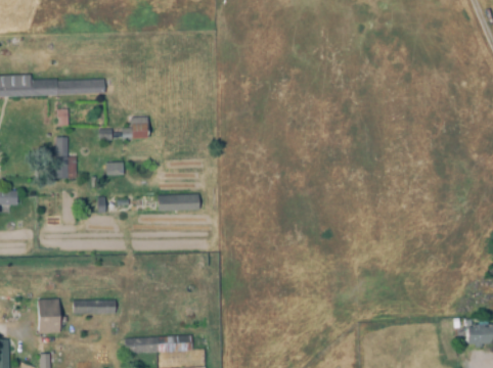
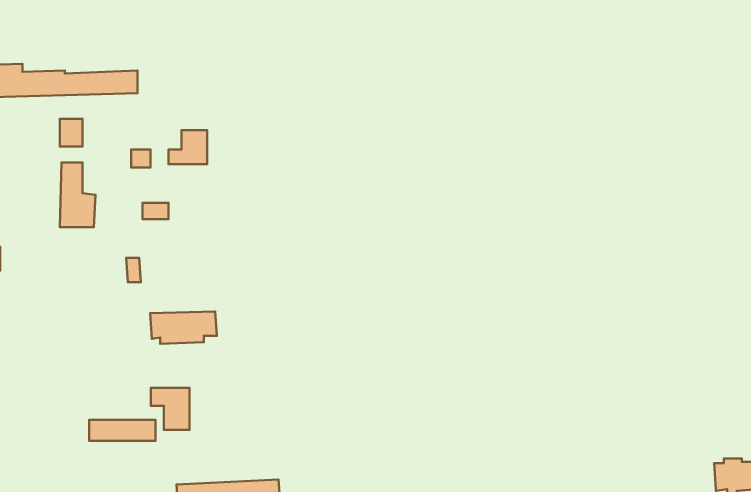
building: [158,194,199,215] -> [150,312,217,344]
building: none -> [151,388,190,430]
building: [38,298,60,333] -> none

